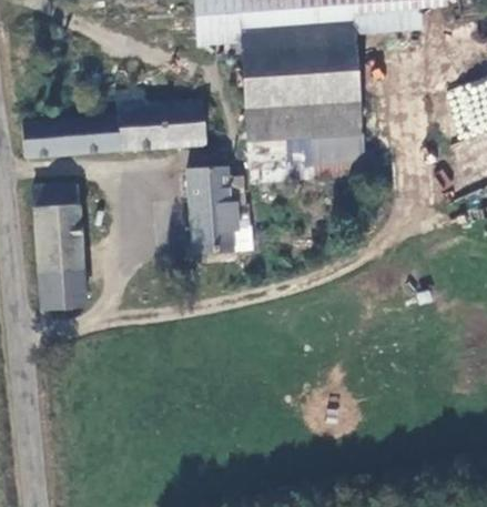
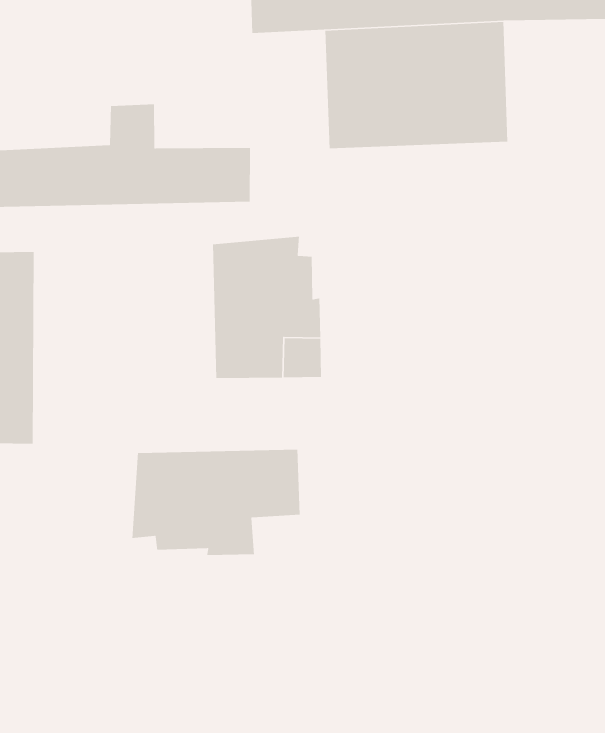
building: [252,94,373,181] -> none
building: none -> [132,449,301,556]

